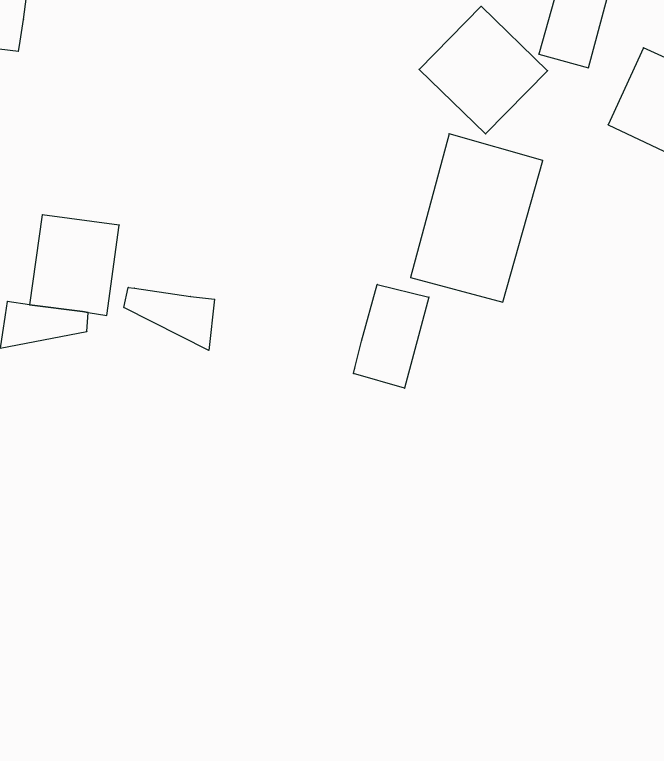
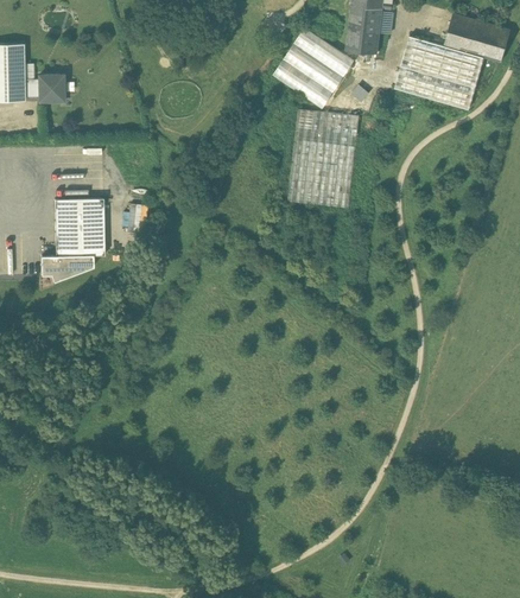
building: none -> [24,76,64,101]
building: [353,284,429,388] -> none
building: [124,287,215,350] -> none

